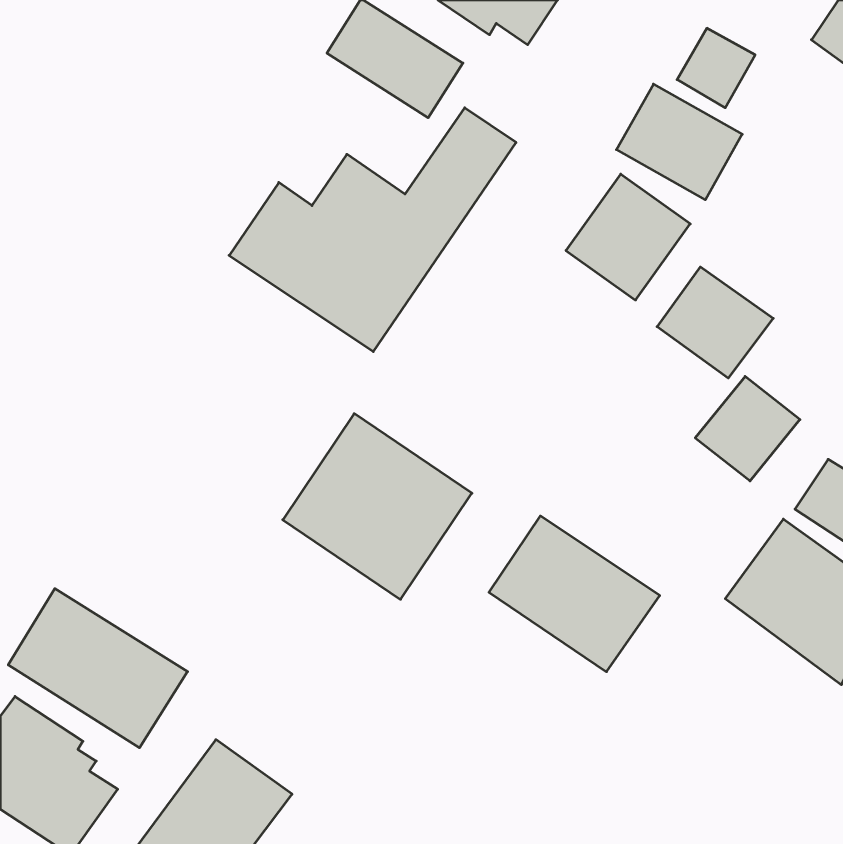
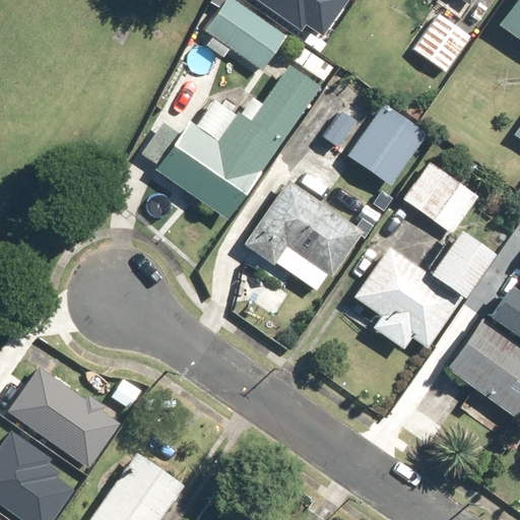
building: [616,84,742,200] -> none
building: [283,414,472,599] -> [245,181,361,295]
building: [489,516,660,672] -> [356,254,461,349]

